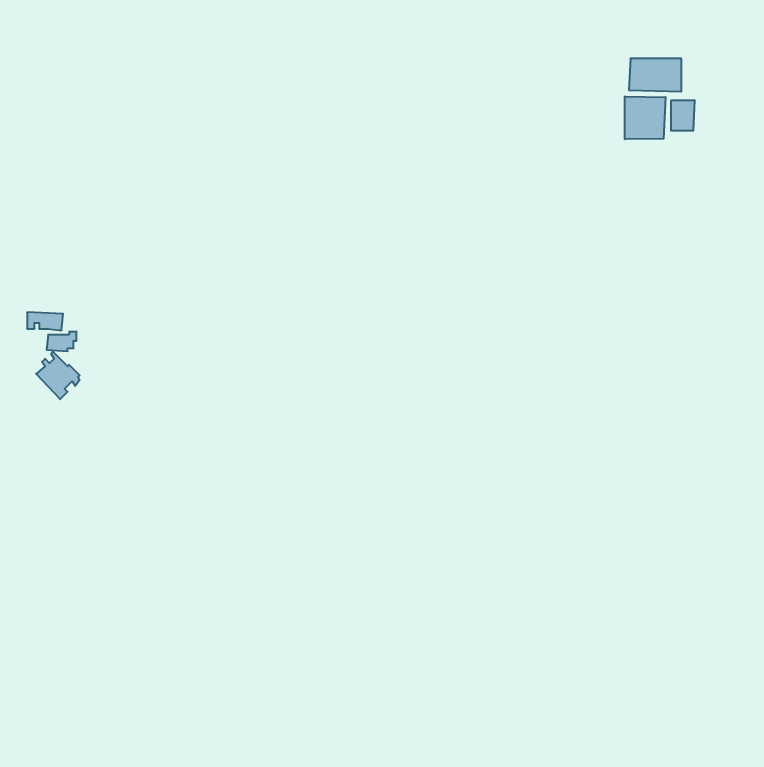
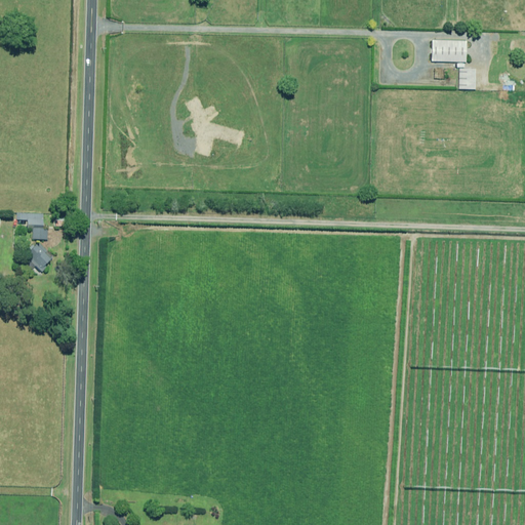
building: [625,96,665,139] -> none

